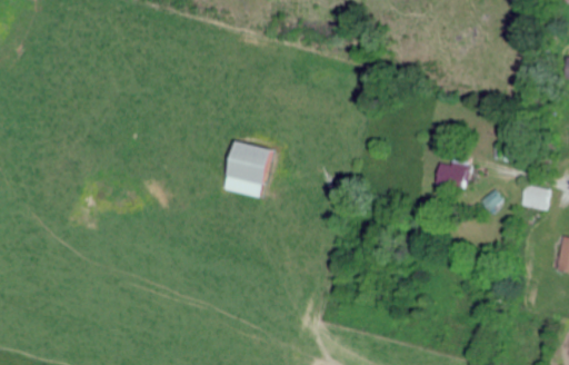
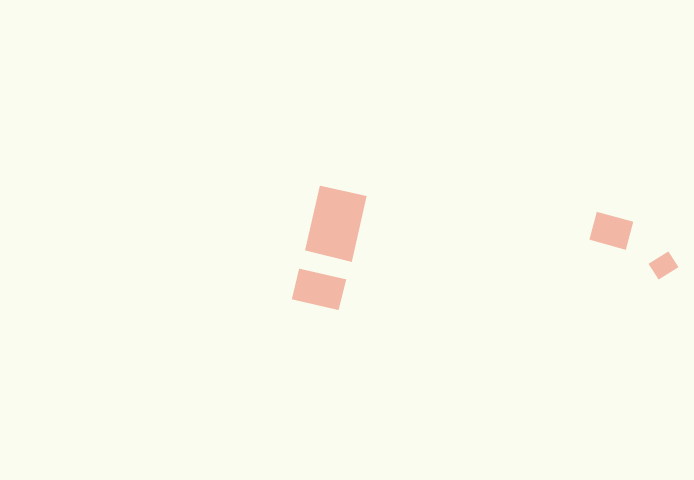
building: none -> [291,268,347,311]

